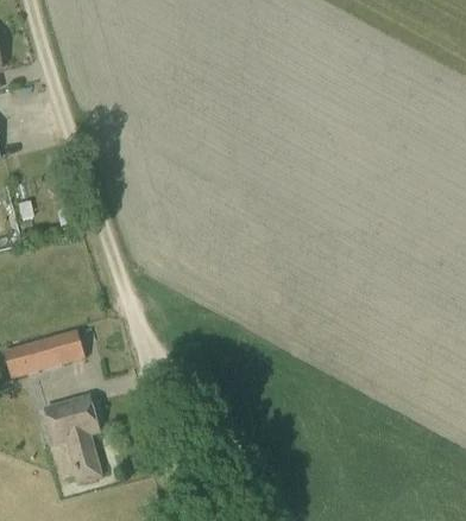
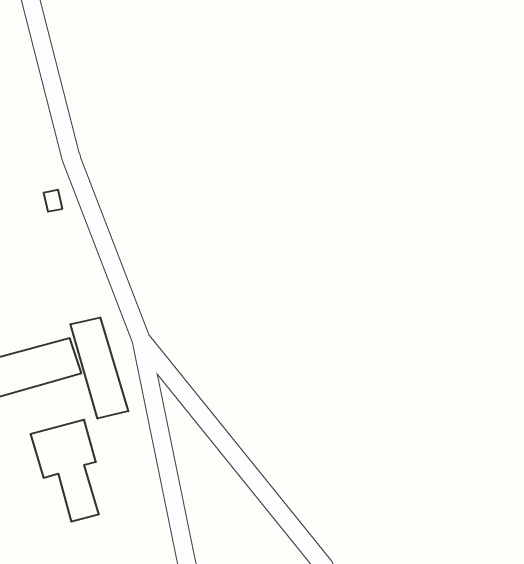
building: none -> [71,317,128,419]

